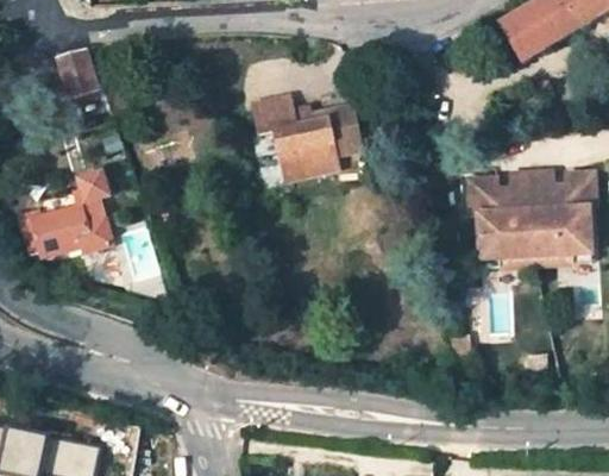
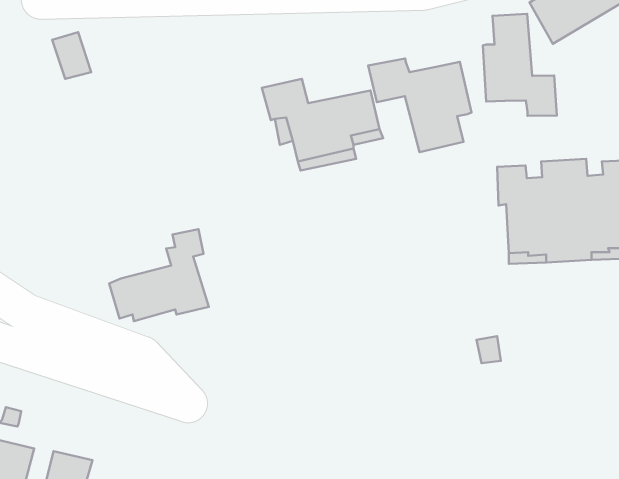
building: none -> [483,14,557,116]
building: none -> [368,58,472,152]
building: [21,171,113,256] -> [109,229,209,321]

